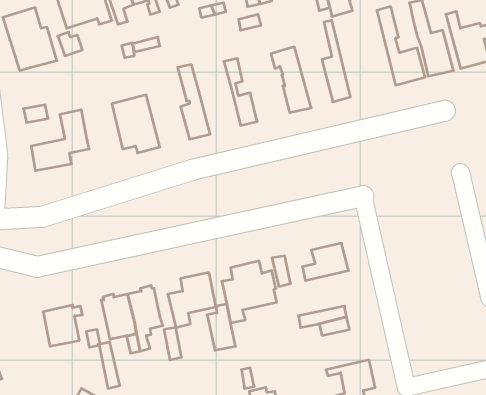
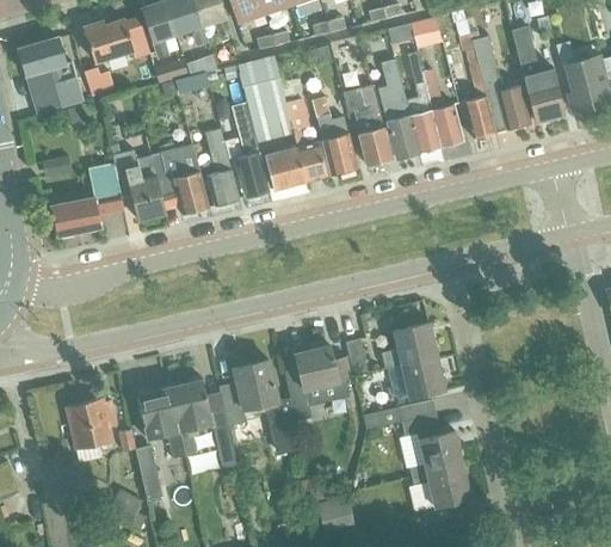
building: none -> [461,35,495,137]
building: none -> [236,55,294,140]
building: none -> [378,59,419,158]
building: none -> [422,68,463,146]
building: none -> [313,96,357,174]
building: none -> [205,128,239,204]
building: none -> [111,143,165,221]
building: none -> [264,146,307,190]
building: none -> [401,357,445,399]
building: none -> [409,431,463,478]

